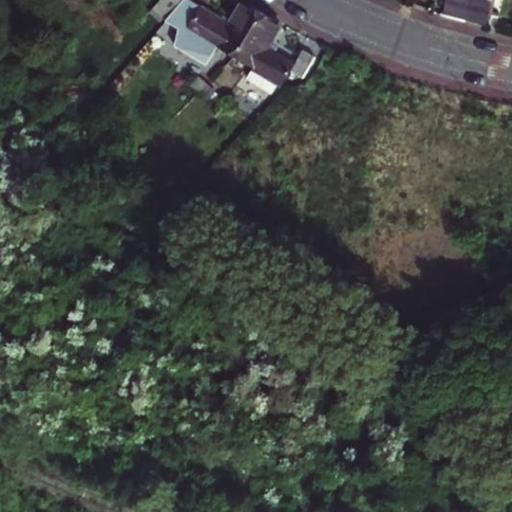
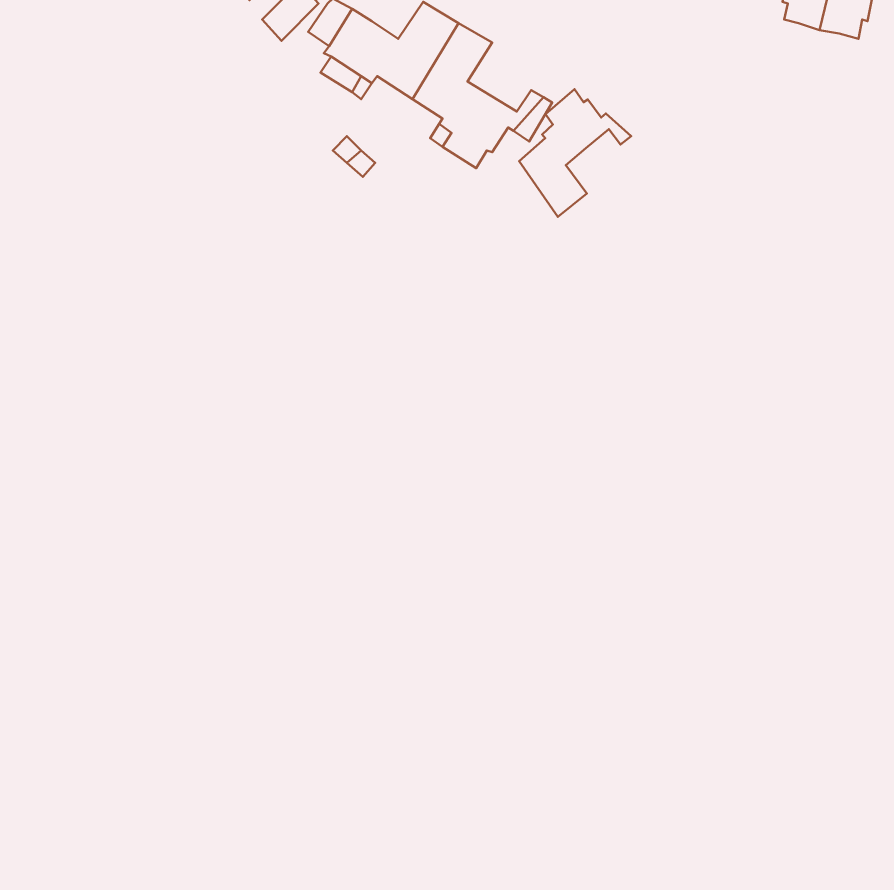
building: none -> [519,89,631,217]

